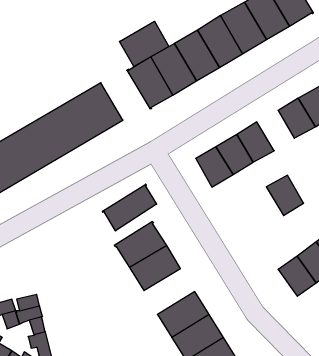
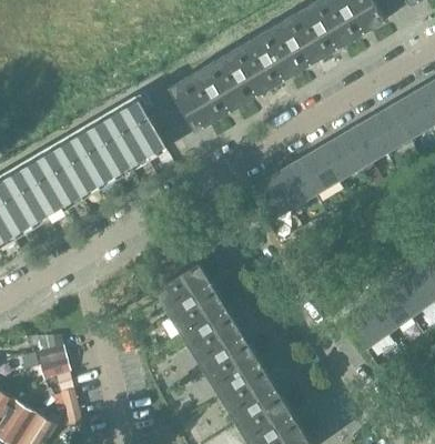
building: [119,21,169,66] -> none
building: [266,175,304,216] -> [320,133,363,180]
building: [103,184,157,231] -> none
building: none -> [189,316,247,370]

